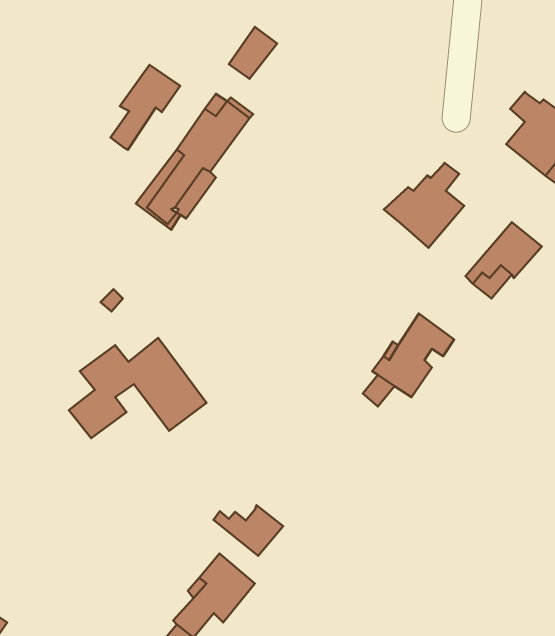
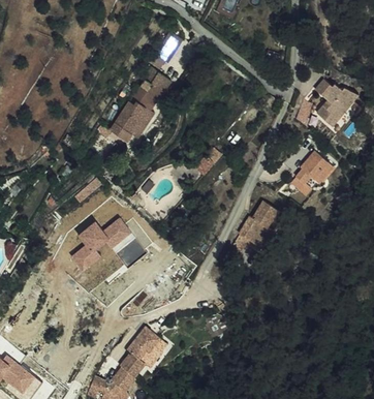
building: [111,65,180,150] -> none
building: [384,163,464,248] -> none
building: [214,505,283,556] -> none

